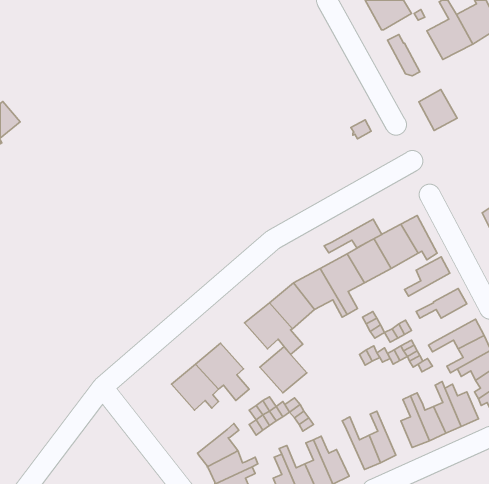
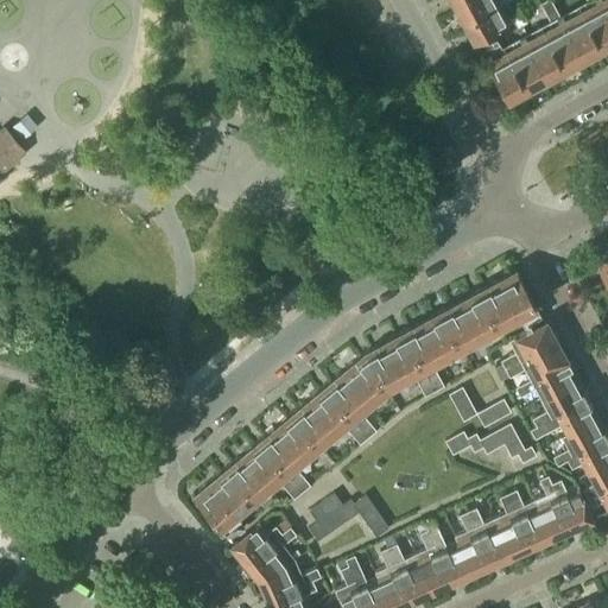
building: [419,89,457,131] -> [502,45,550,96]
building: [324,219,382,253] -> [498,346,569,387]
building: none -> [533,384,590,431]
building: [260,347,307,393] -> [274,407,332,464]
building: none -> [194,483,242,539]
building: none -> [468,512,512,571]
building: none -> [230,527,283,569]
building: none -> [418,536,452,597]

